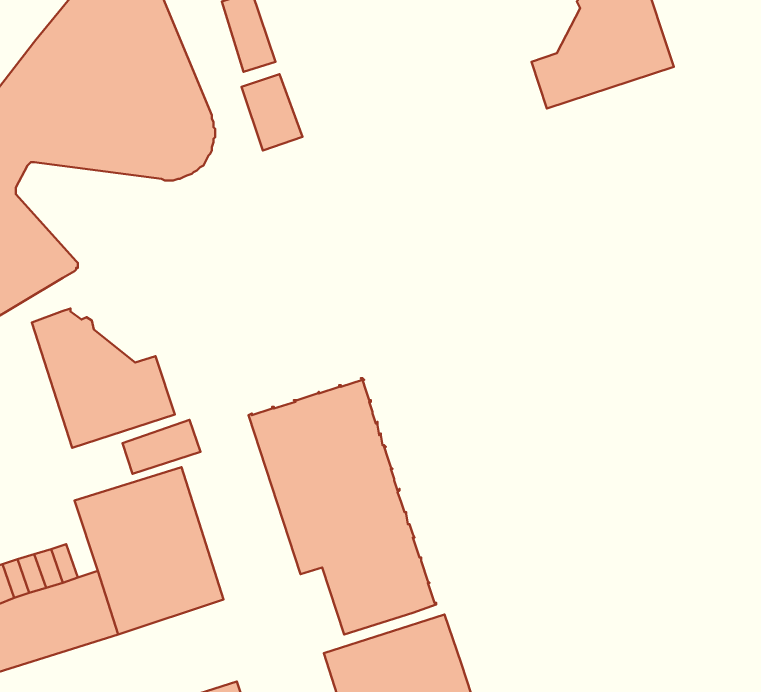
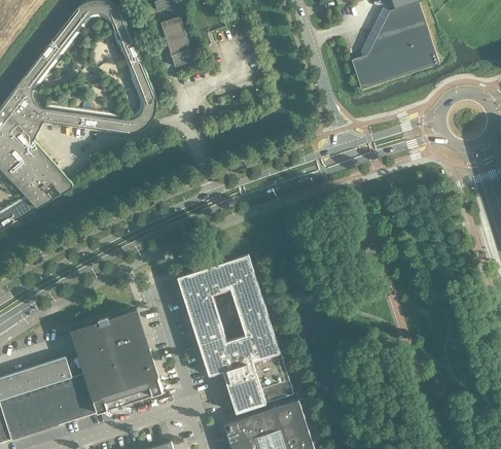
building: [241,74,303,151] -> none
building: [32,309,175,448] -> none
building: [122,420,200,474] -> none

